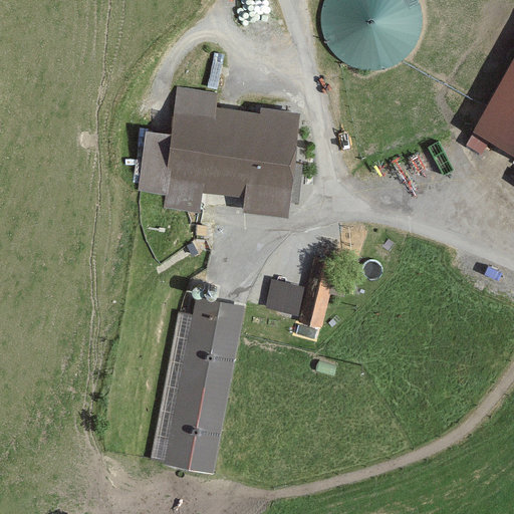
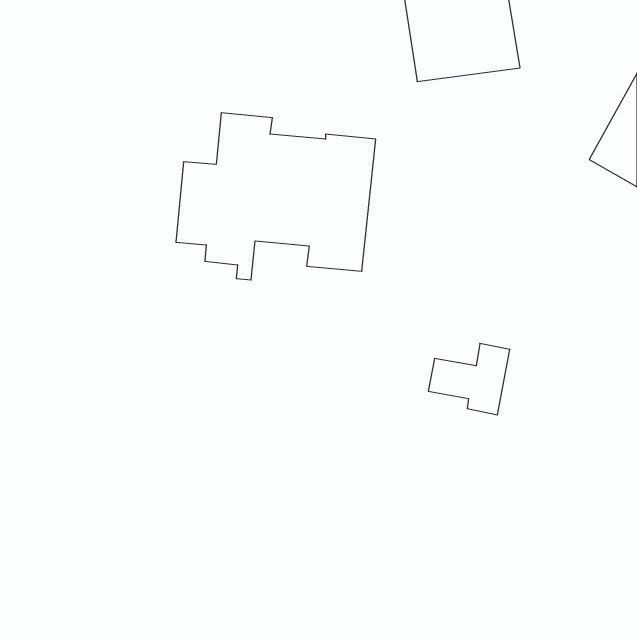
building: [267,270,332,327] -> [428,343,510,415]
building: [151,298,244,472] -> none

